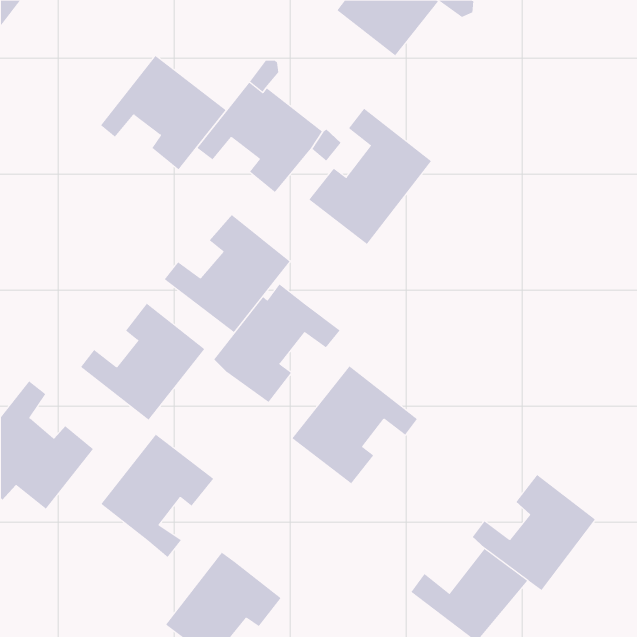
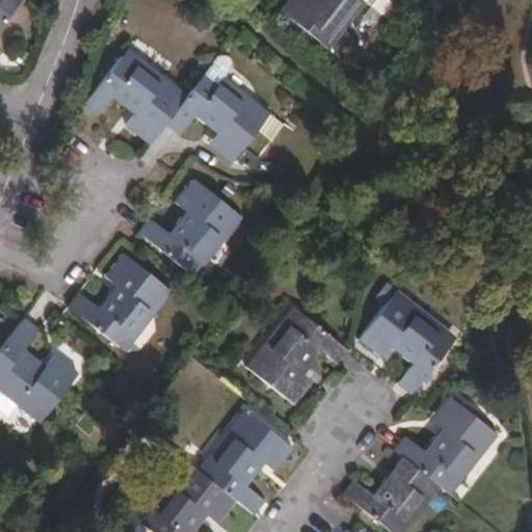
building: [309,108,432,245] -> none
building: [213,284,340,403] -> none
building: none -> [358,290,455,392]
building: [100,434,214,558] -> [197,410,292,513]

